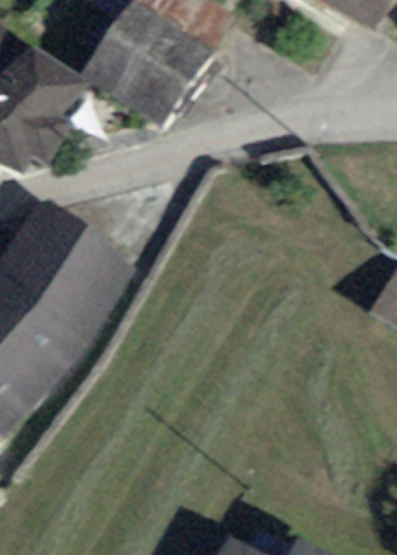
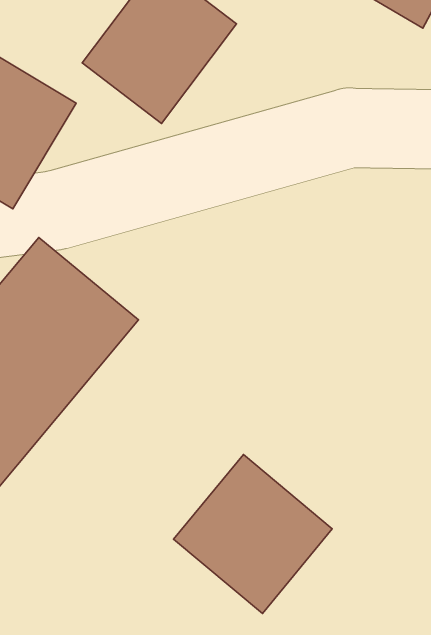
building: none -> [174,455,332,613]

